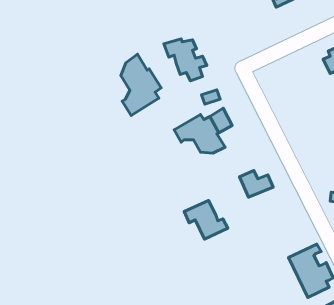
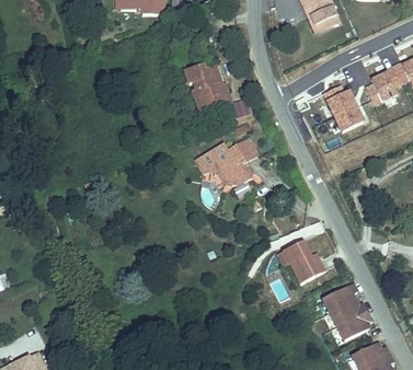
building: [121,54,161,116] -> none
building: none -> [320,84,358,129]
building: [184,200,228,239] -> [282,241,329,282]

